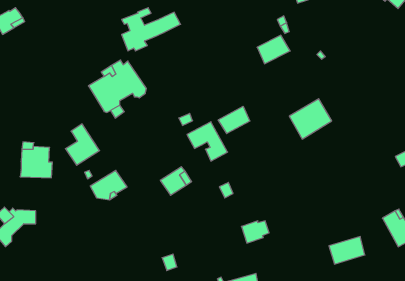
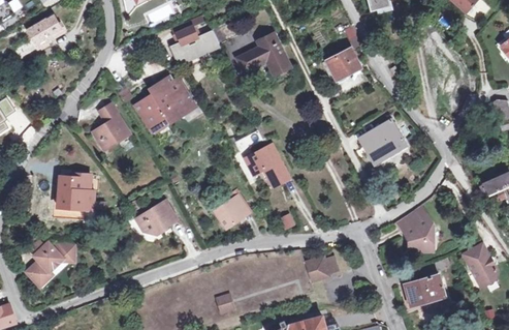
building: none -> [236,33,291,77]
building: [218,106,250,134] -> none
building: [65,124,100,165] -> [93,102,131,149]
building: none -> [396,204,433,250]

